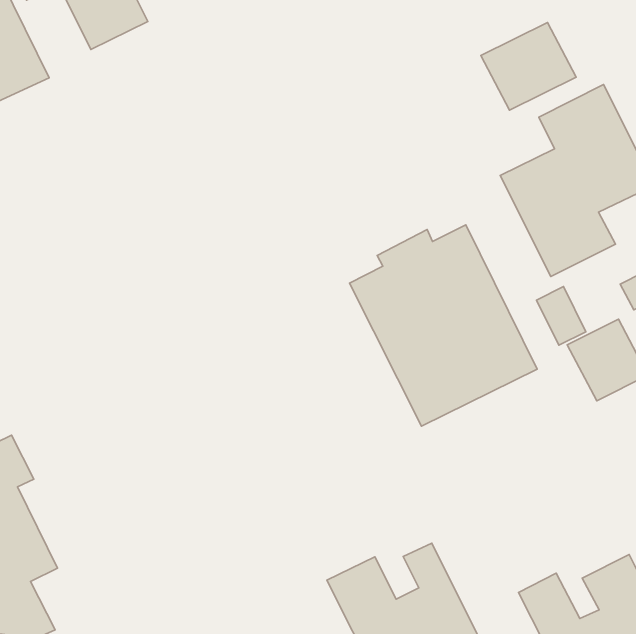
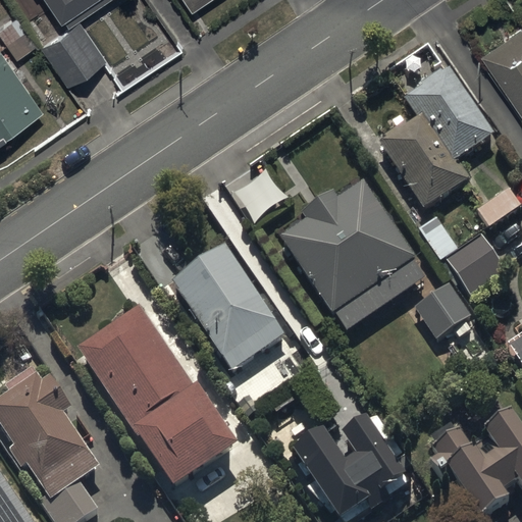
building: [481,22,576,110] -> none
building: none -> [170,246,284,371]
building: none -> [83,310,229,483]
building: none -> [415,281,472,340]

